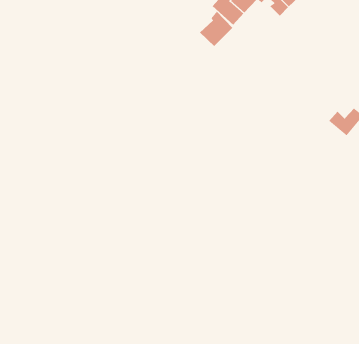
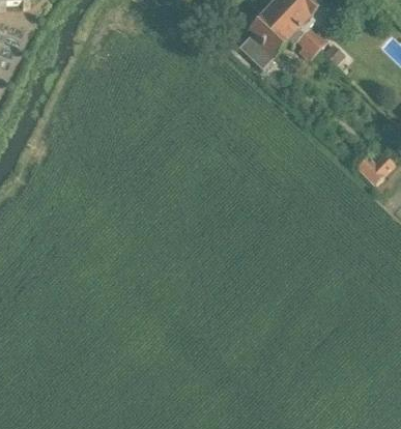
building: [199,11,233,47] -> none

